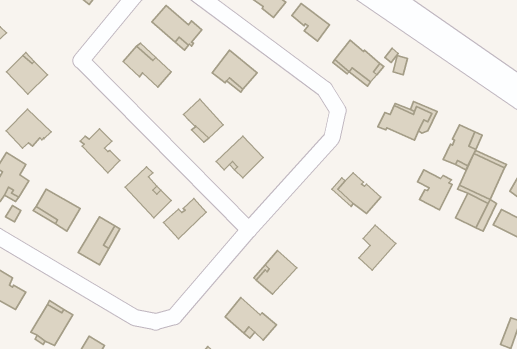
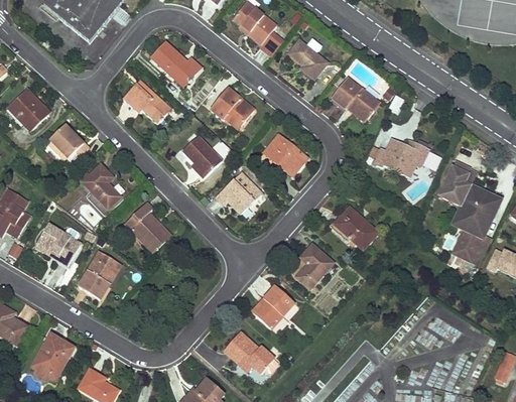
building: none -> [263,136,306,175]
building: [6,109,51,148] -> [43,124,88,162]
building: [418,170,452,210] -> none
building: [164,199,206,239] -> none
building: [359,225,396,270] -> [296,244,333,288]

